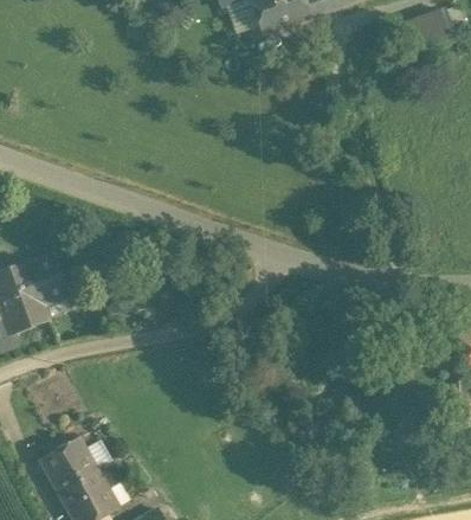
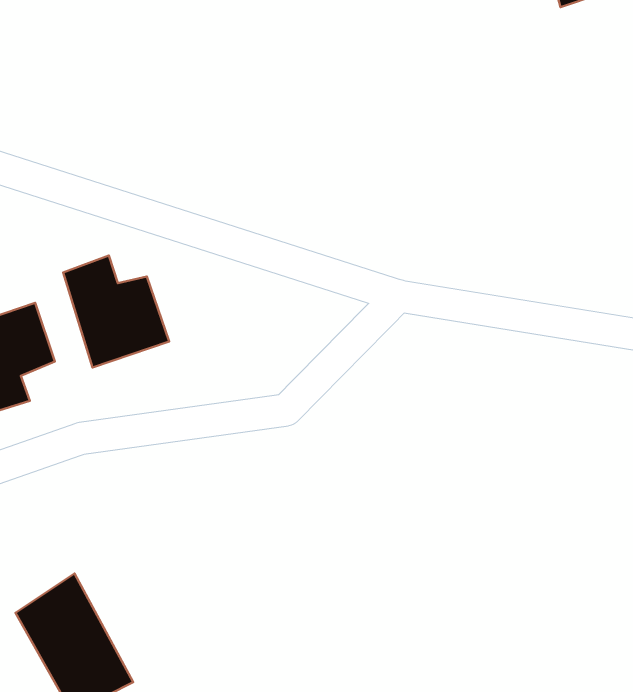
building: none -> [63,255,169,367]

